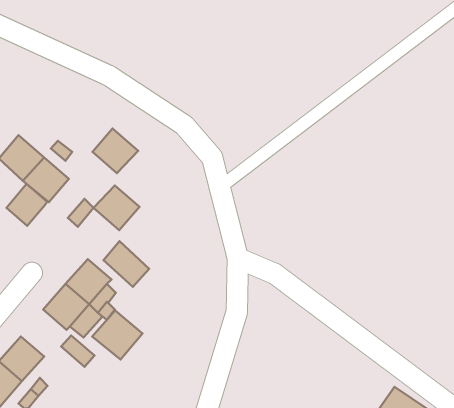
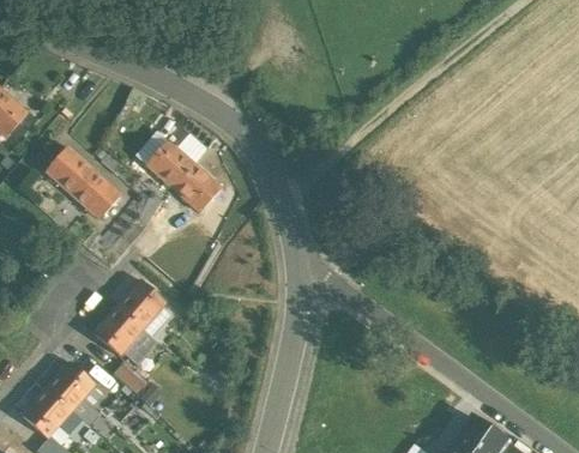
building: [6,184,47,226] -> none
building: [93,185,139,230] -> [174,163,223,211]
building: [104,241,149,287] -> none
building: [92,310,142,359] -> none

